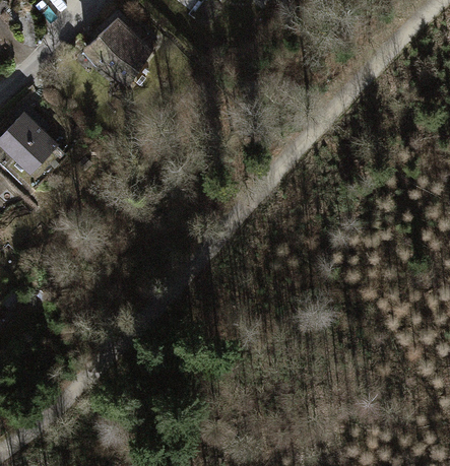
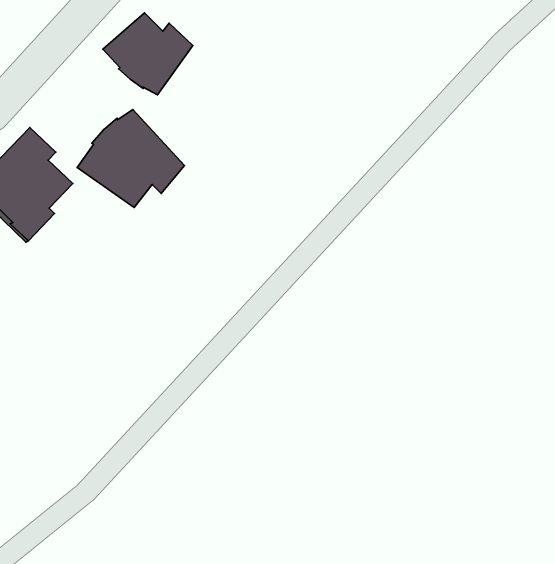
building: none -> [77,109,185,208]

